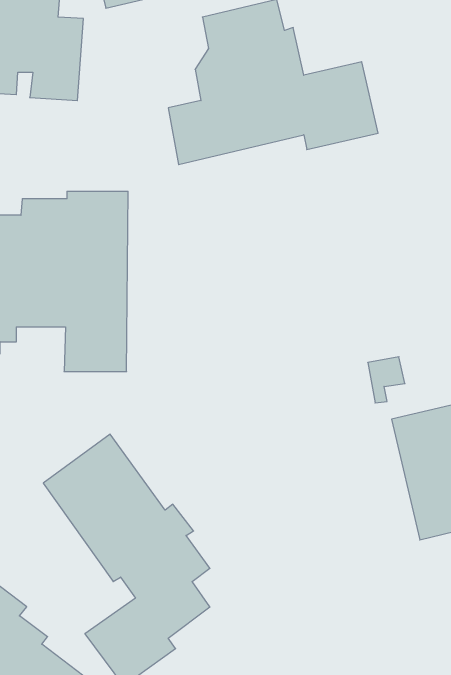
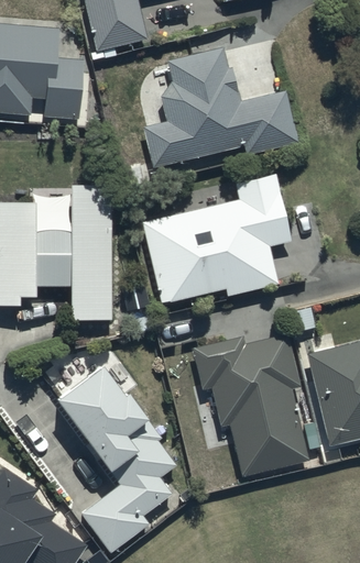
building: none -> [142,174,293,305]
building: none -> [192,336,307,478]

